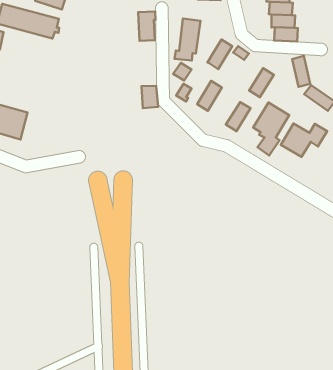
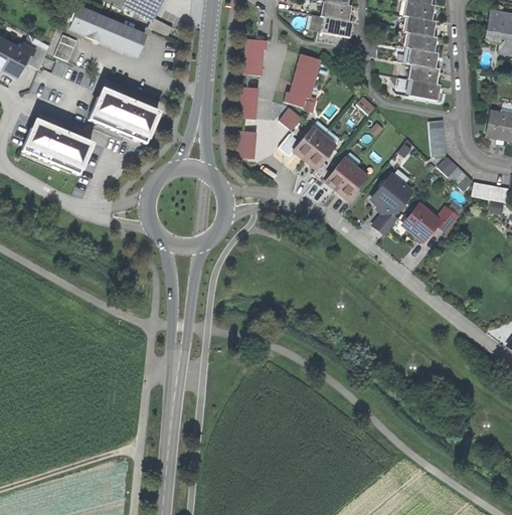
building: [208,39,232,69] -> [292,125,325,161]
building: none -> [239,87,260,120]
building: none -> [90,88,161,143]
building: [249,68,274,97] -> [324,156,357,191]

